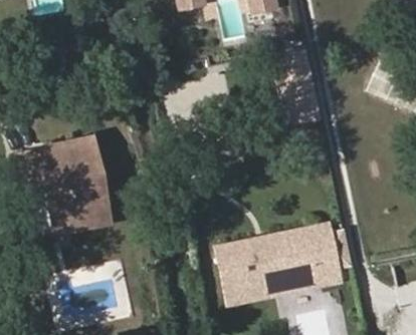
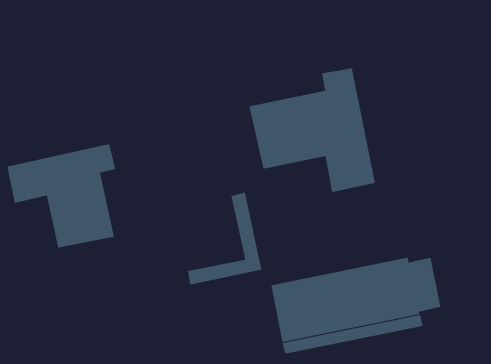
building: none -> [249,67,376,193]
building: [50,157,110,231] -> [187,192,262,285]

